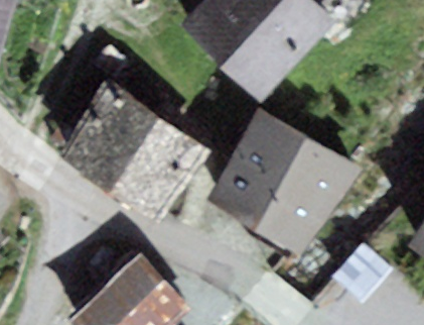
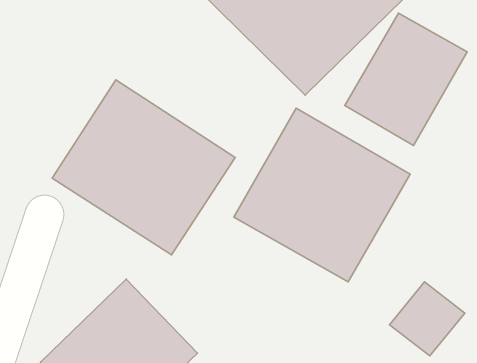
building: none -> [345,13,467,145]

